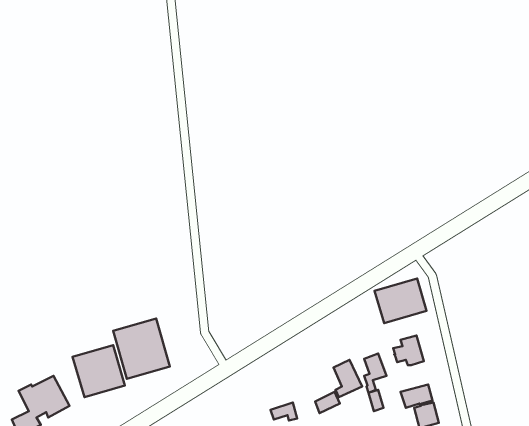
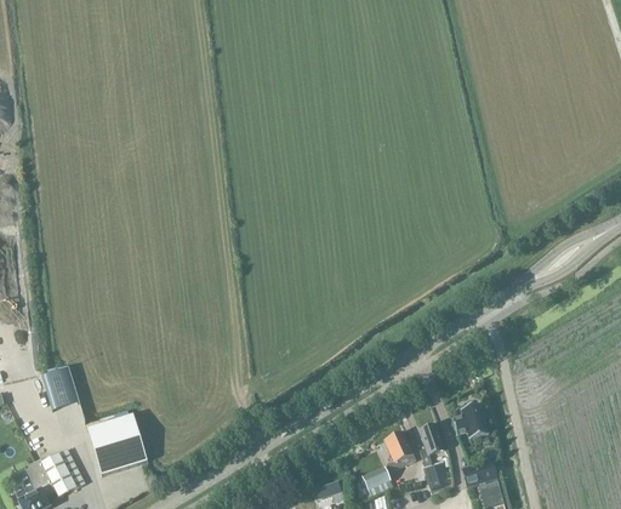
building: [375,278,427,323] -> none
building: none -> [42,368,79,412]
building: [113,318,170,379] -> none

